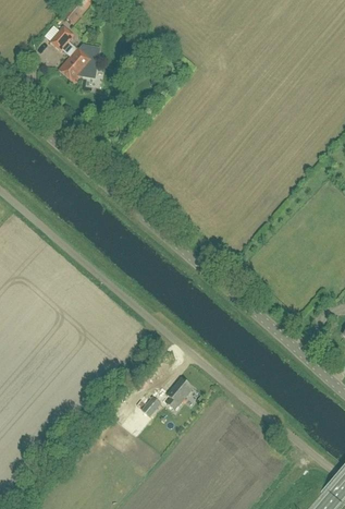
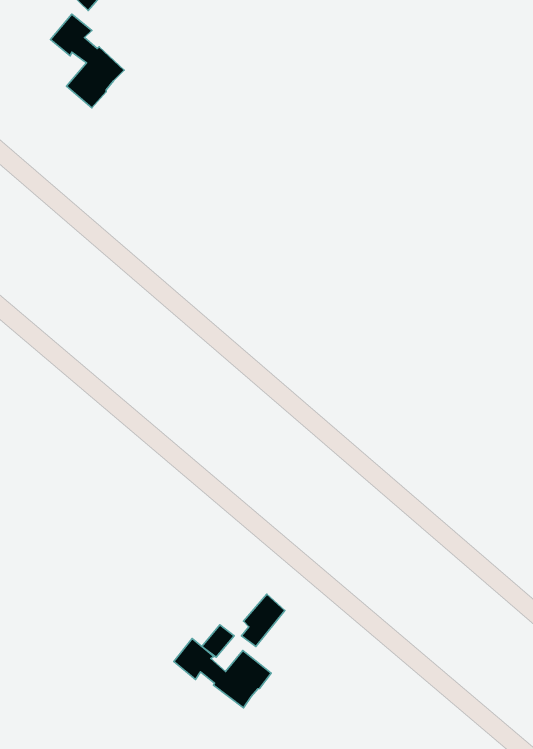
building: none -> [174,638,271,708]

